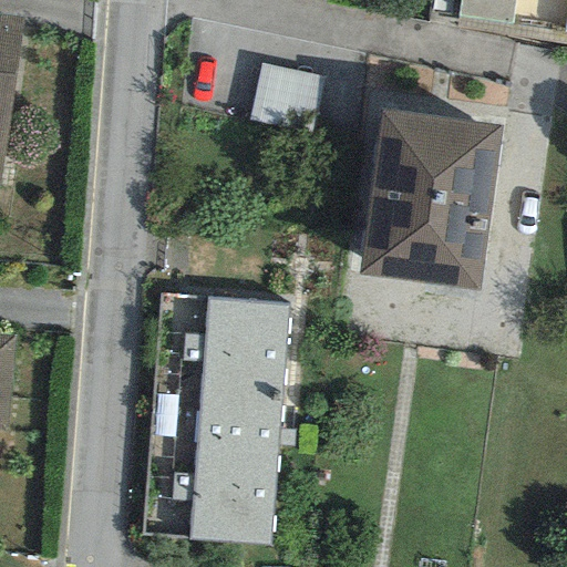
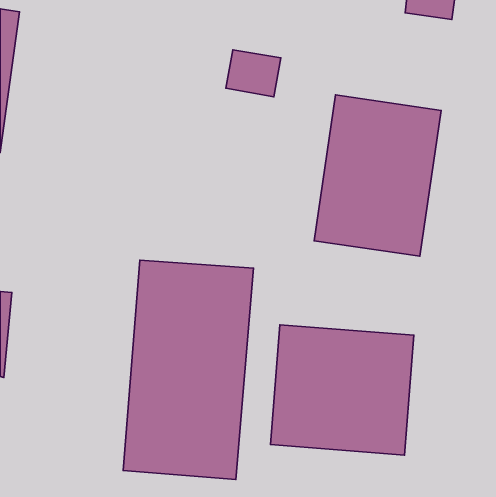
building: none -> [270,325,414,455]

